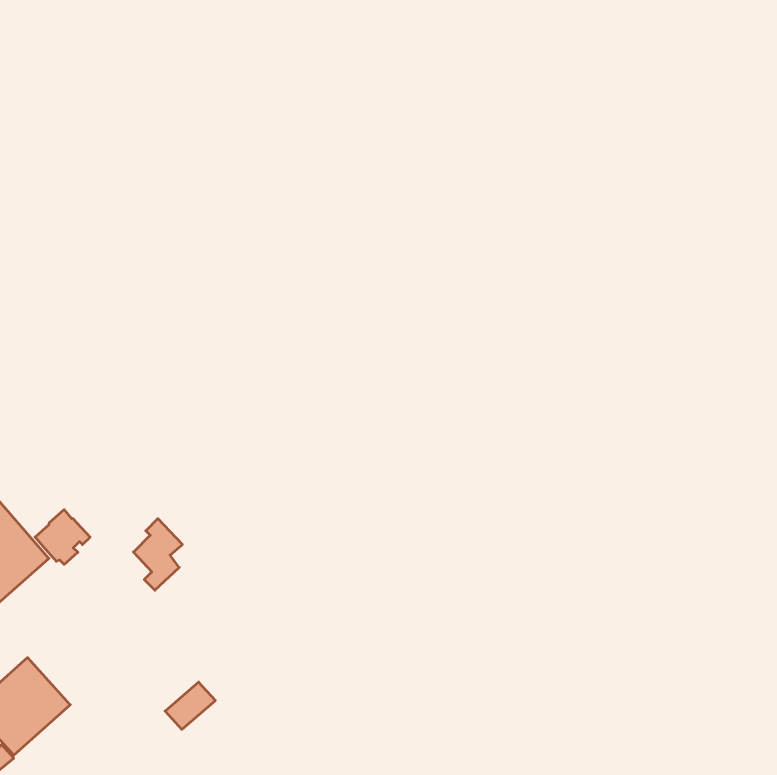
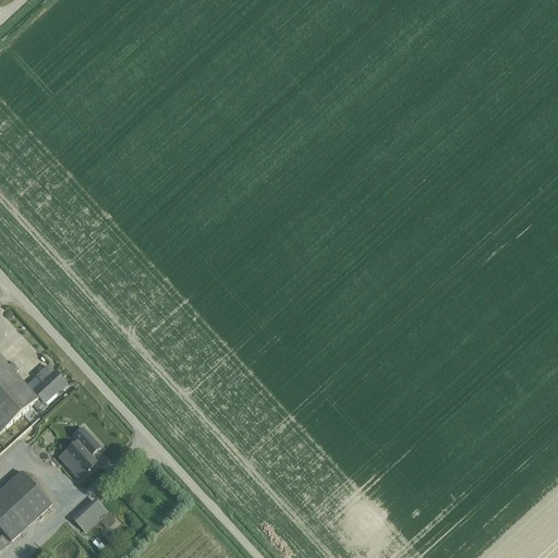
building: [133,519,182,590] -> [63,427,98,478]
building: [165,682,215,729] -> [72,497,108,531]

